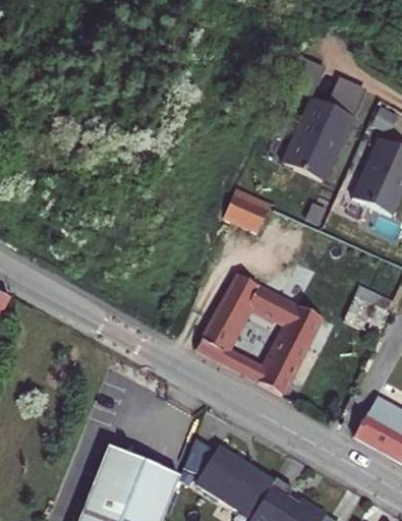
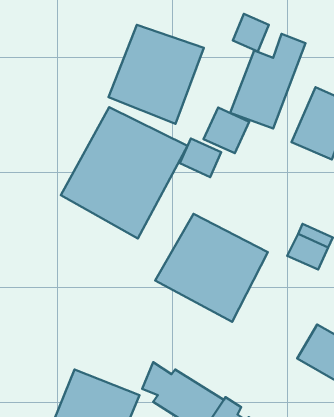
building: none -> [108,25,204,124]
building: none -> [61,107,188,238]
building: none -> [203,107,249,153]

